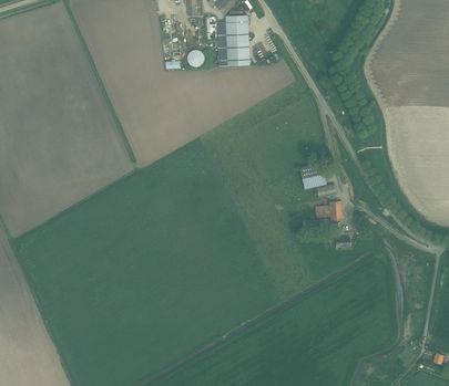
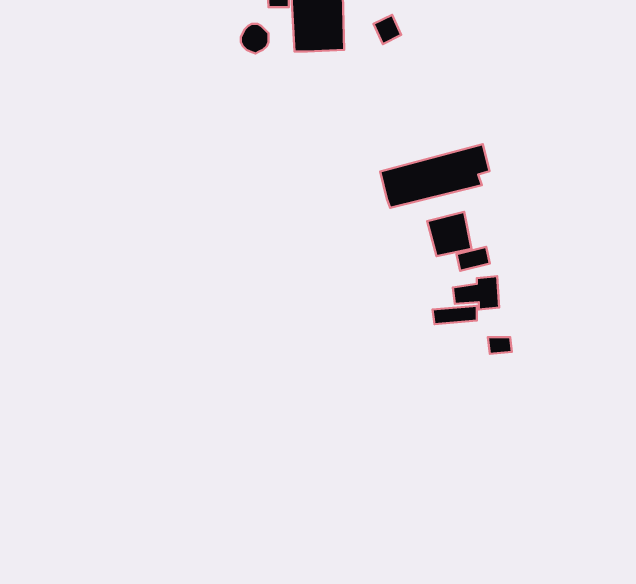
building: none -> [380,144,489,208]

